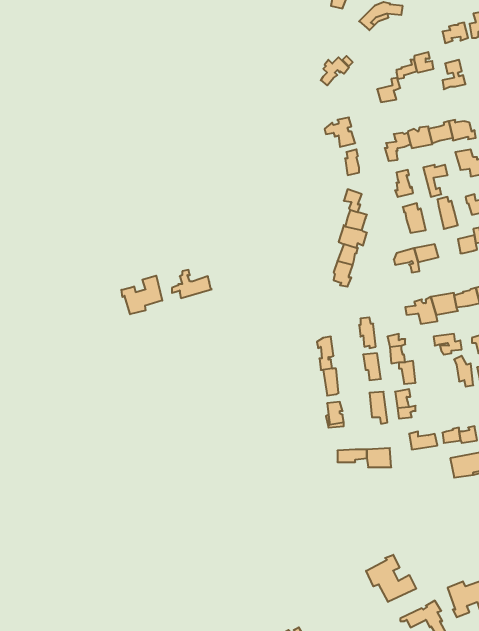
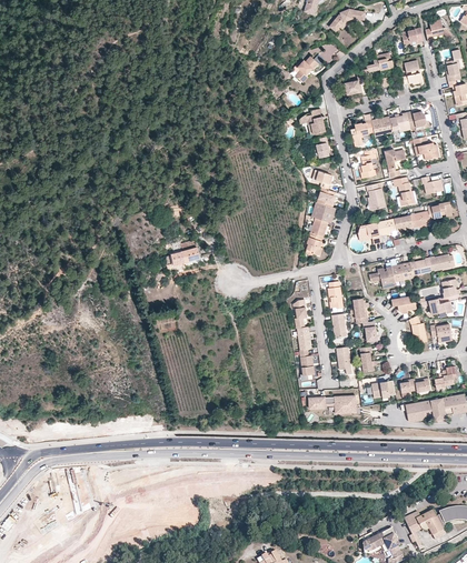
building: [121,276,162,314] -> none
building: [366,555,416,602] -> none

